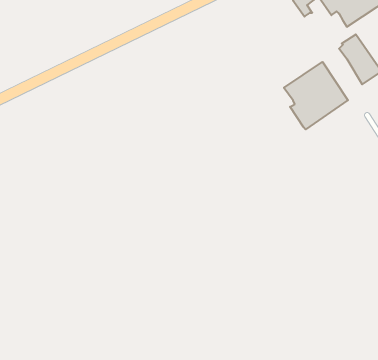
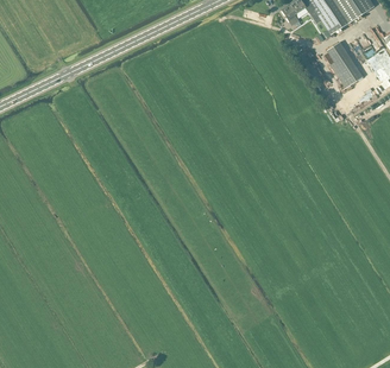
building: [284,62,348,129] -> none

